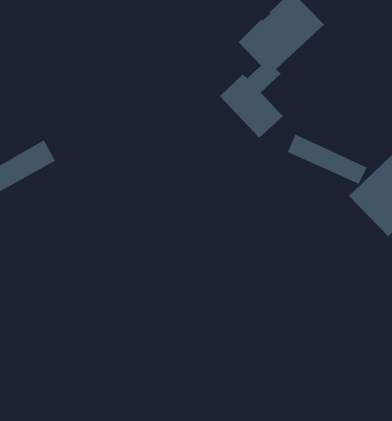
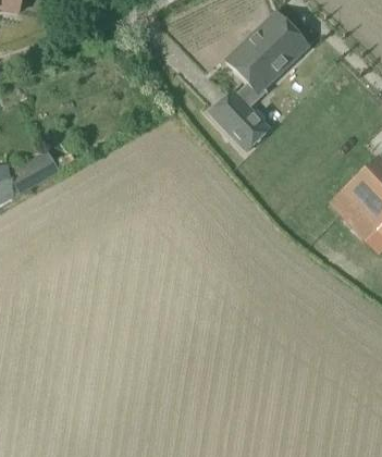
building: [287,134,368,184] -> none

